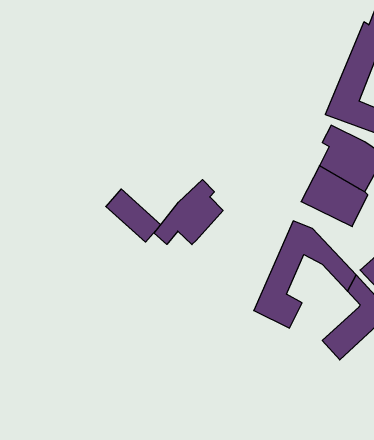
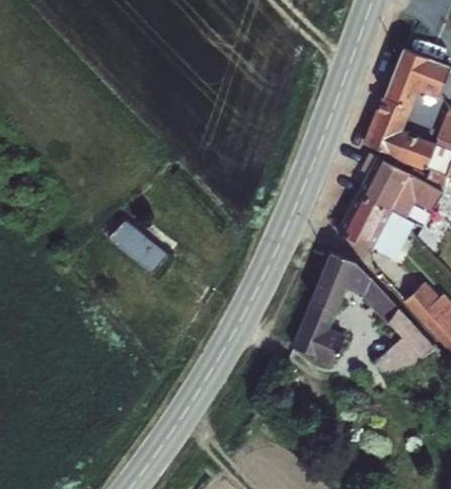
building: [154,180,223,245] -> none

